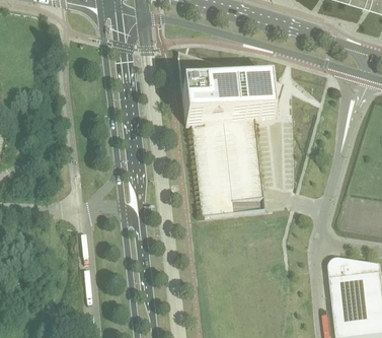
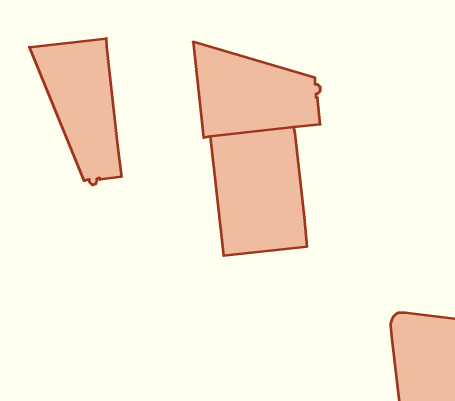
building: none -> [29,38,121,185]

